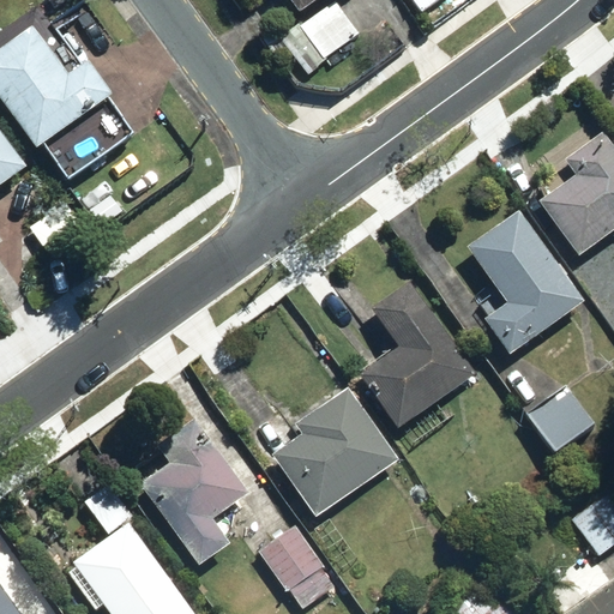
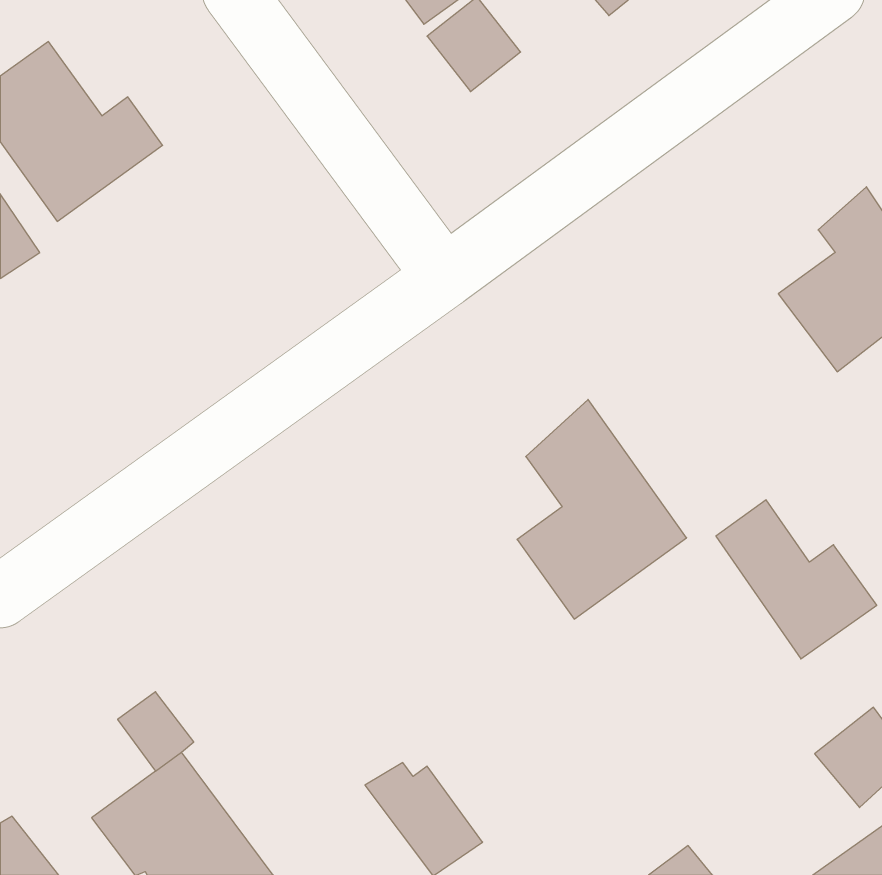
building: [464,212,585,355] -> none
building: [246,380,399,514] -> none
building: [139,413,249,565] -> none

